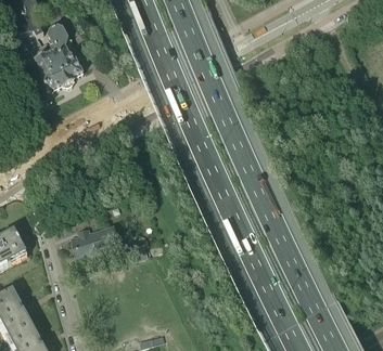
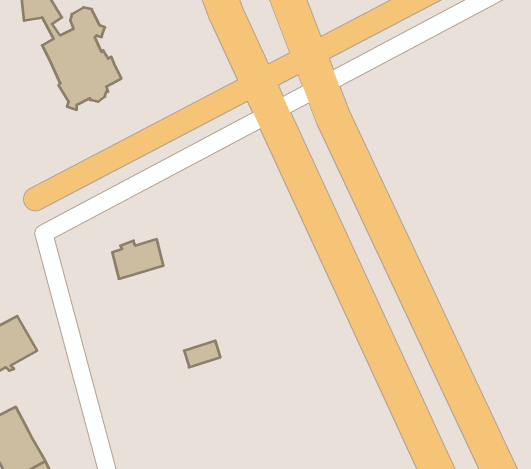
building: [74,229,107,255] -> [112,239,163,279]

